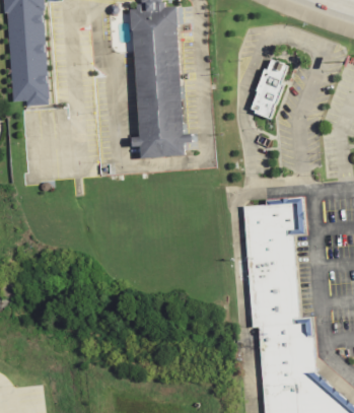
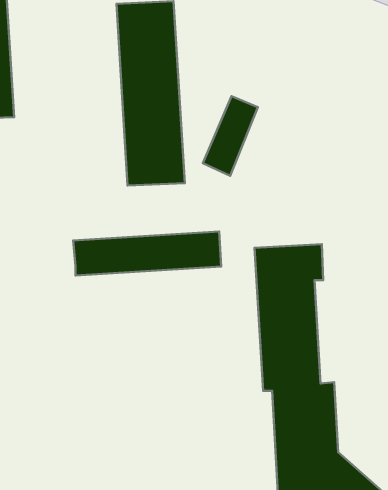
building: [247,57,292,122] -> [203,96,258,176]
building: none -> [73,232,221,275]

